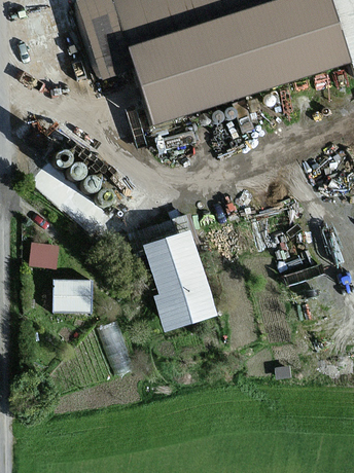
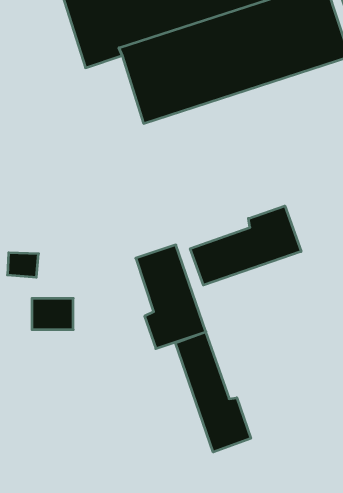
building: none -> [190,206,301,285]
building: none -> [176,332,251,452]

